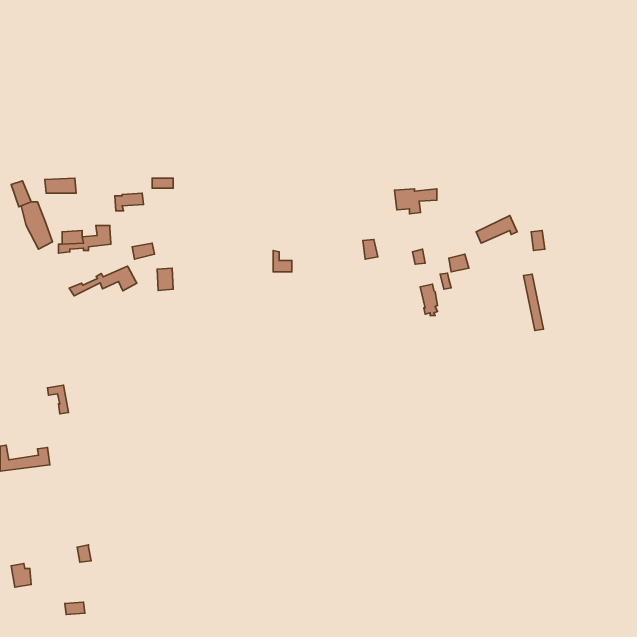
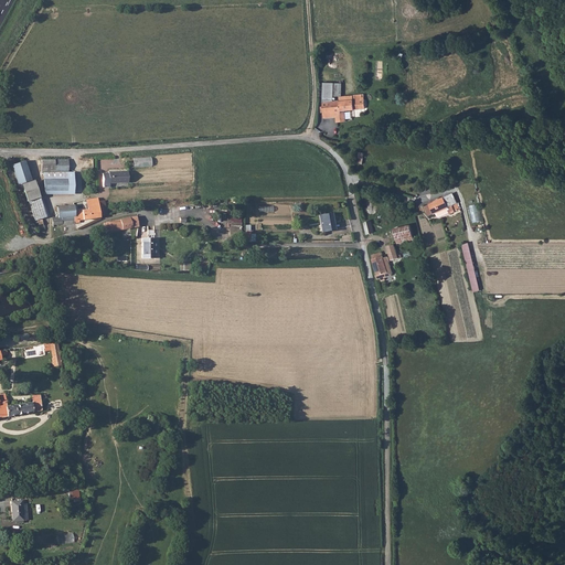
building: [394,189,437,214] -> [323,98,361,120]
building: none -> [42,171,66,190]
building: [69,266,137,296] -> none

